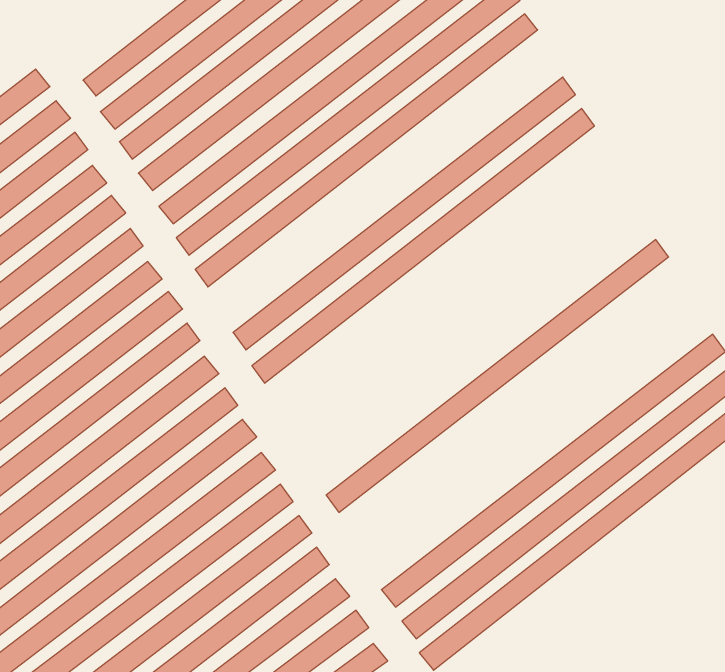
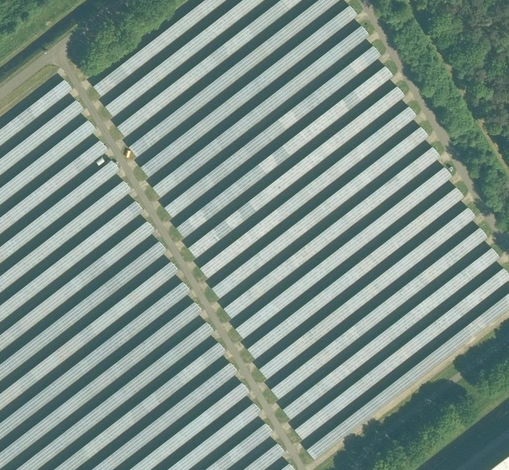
building: none -> [174,65,392,238]
building: none -> [210,126,428,299]
building: none -> [221,146,439,319]
building: none -> [234,166,452,340]
building: none -> [258,207,476,380]
building: none -> [270,225,488,399]

